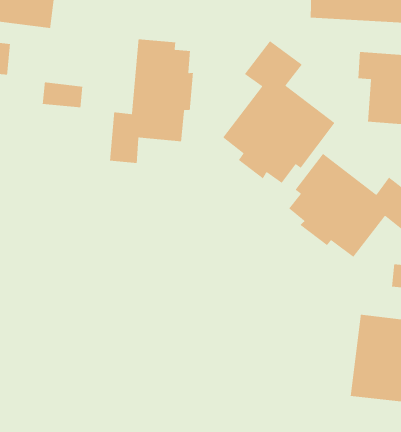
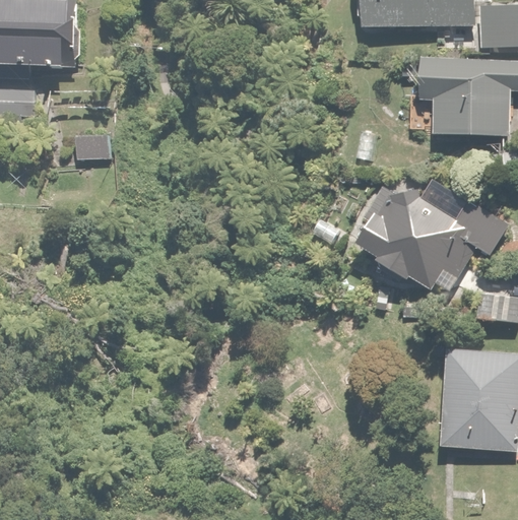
building: [109,38,194,164] -> none
building: [222,40,336,184] -> none

